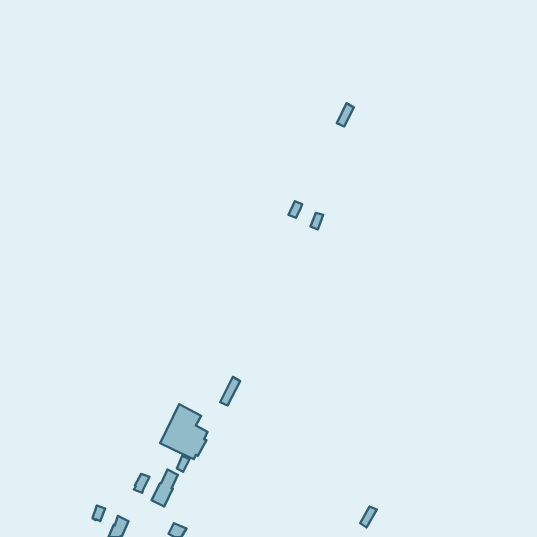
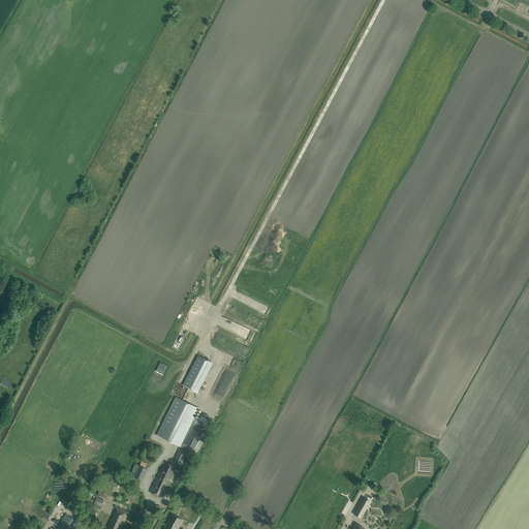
building: none -> [183,355,211,392]

